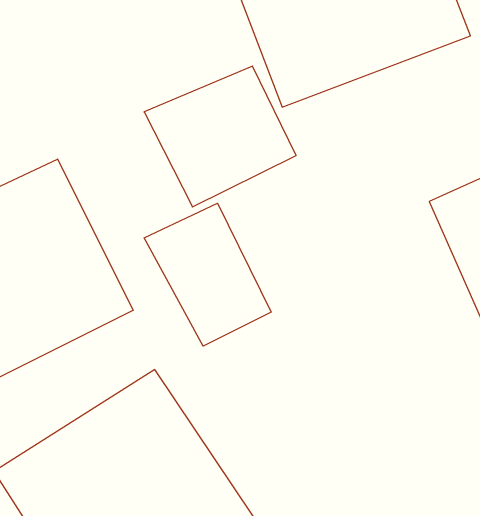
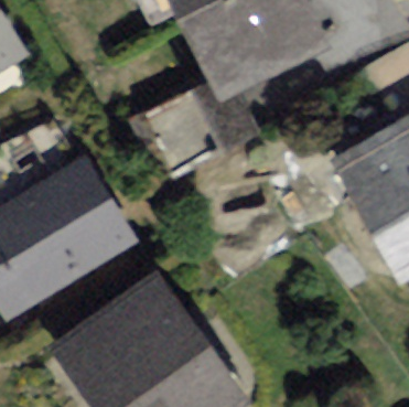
building: [144,203,271,346] -> none

